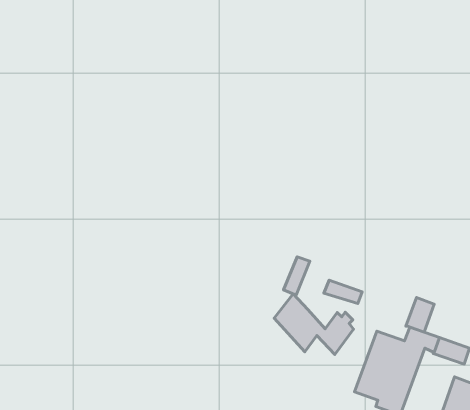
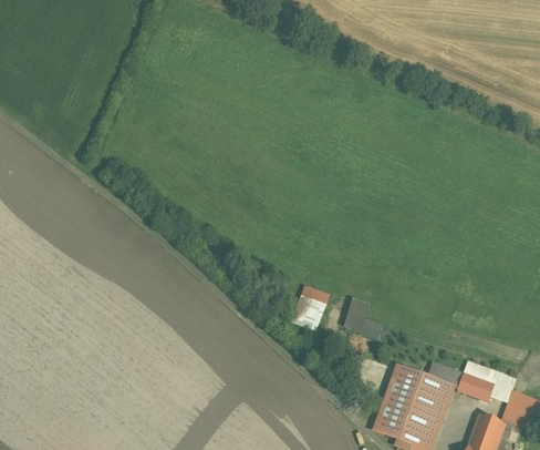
building: [274,294,353,354] -> none
building: [406,297,434,332] -> none

